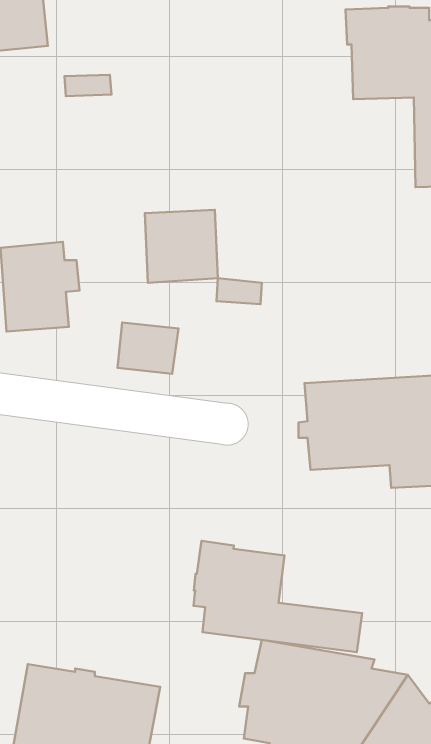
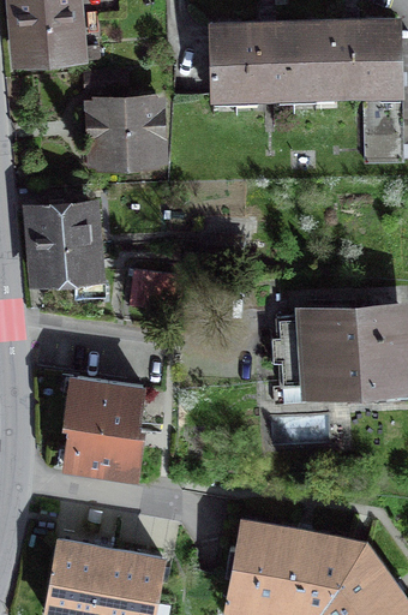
building: none -> [210,23,316,96]
building: [145,210,218,283] -> [97,103,155,161]
building: none -> [66,378,143,476]
building: [194,541,362,652] -> none

